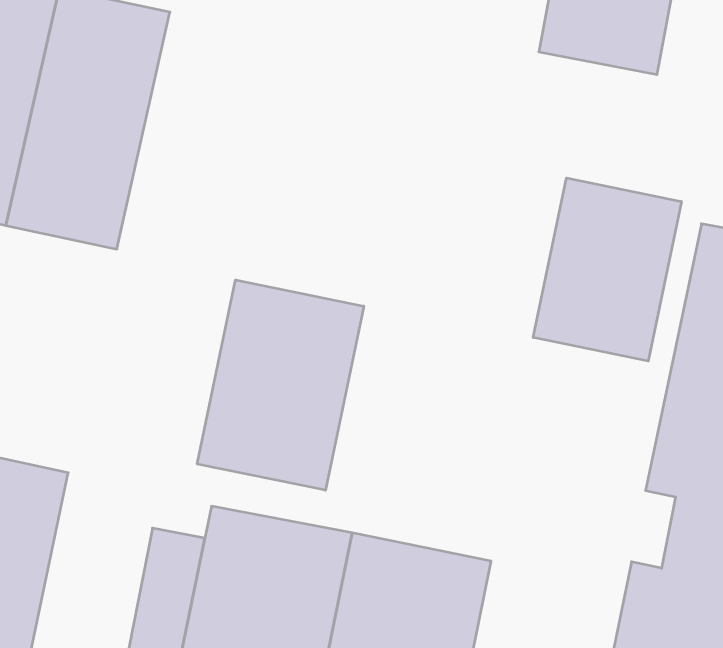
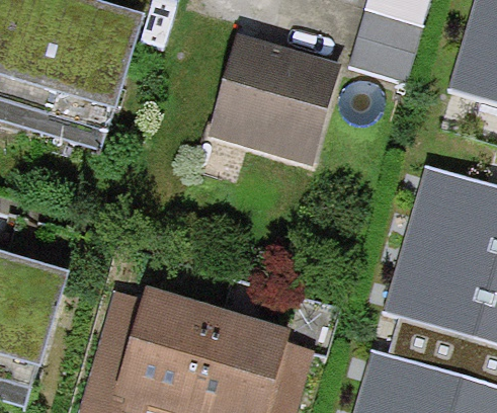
building: none -> [203,49,335,168]
building: [533,178,681,361] -> none
building: [197,280,364,490] -> none

